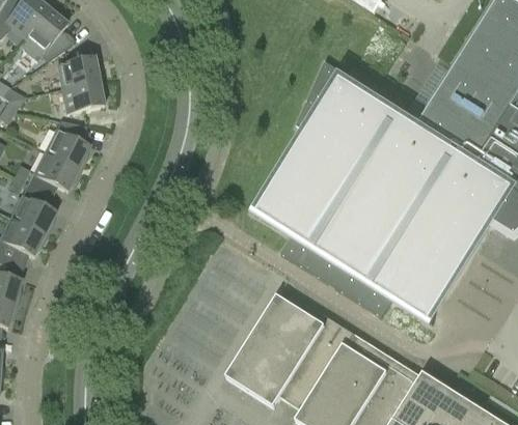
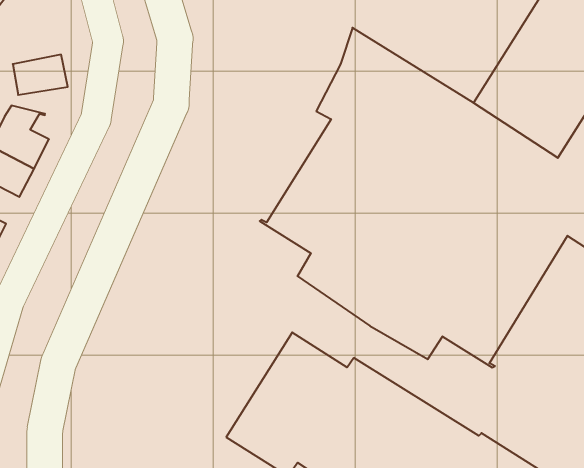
building: [57,56,100,88] -> none

